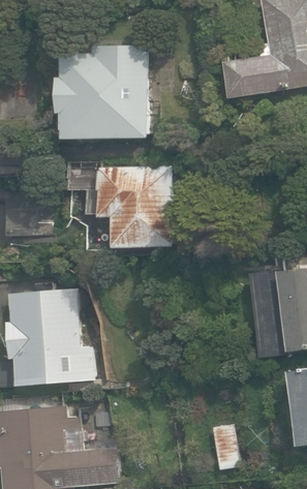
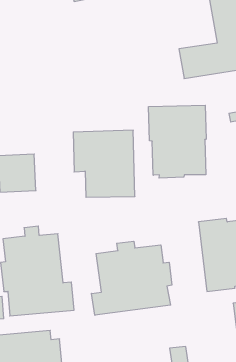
building: [60,44,149,140] -> none
building: none -> [149,105,206,178]
building: none -> [91,241,172,315]

